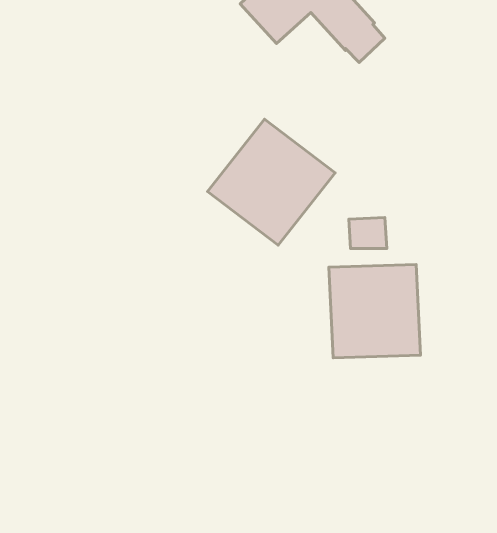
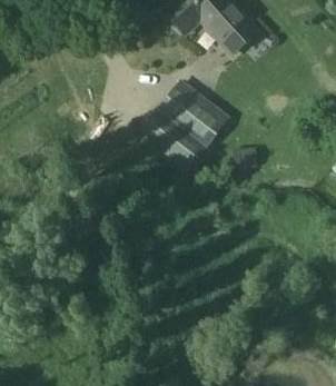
building: [329,264,421,358] -> none

